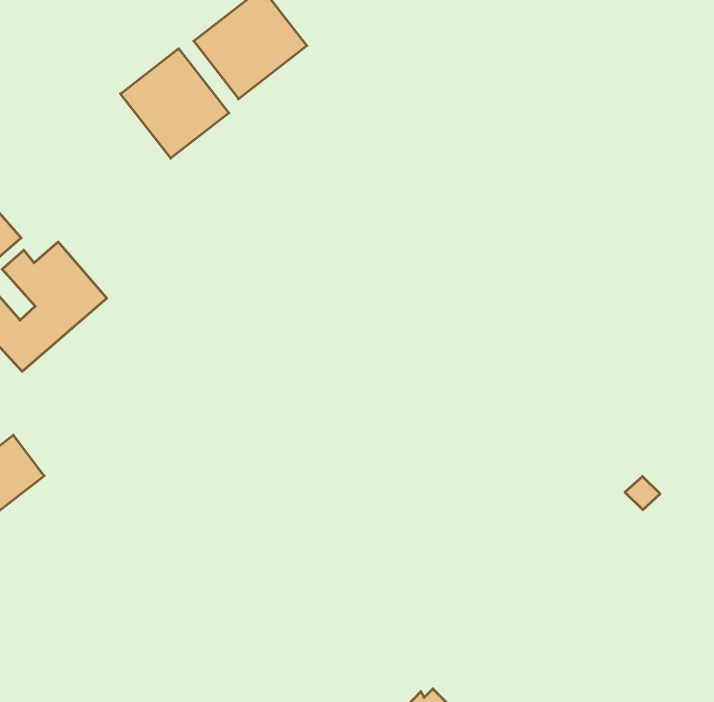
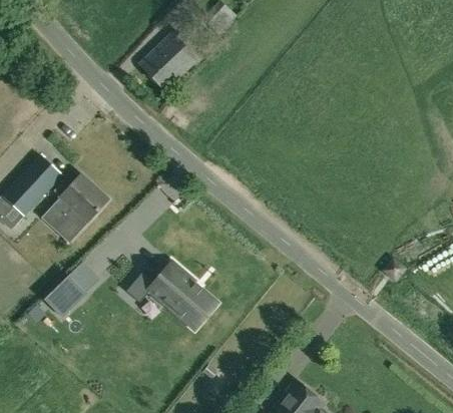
building: [120,49,229,158] -> none
building: none -> [126,263,217,330]

